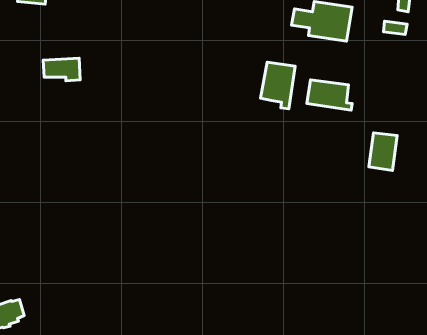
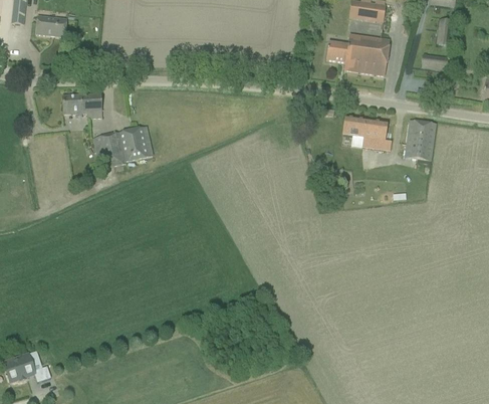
building: [261,62,295,109] -> none
building: none -> [92,126,153,167]
building: [369,133,397,171] -> [405,120,435,160]

